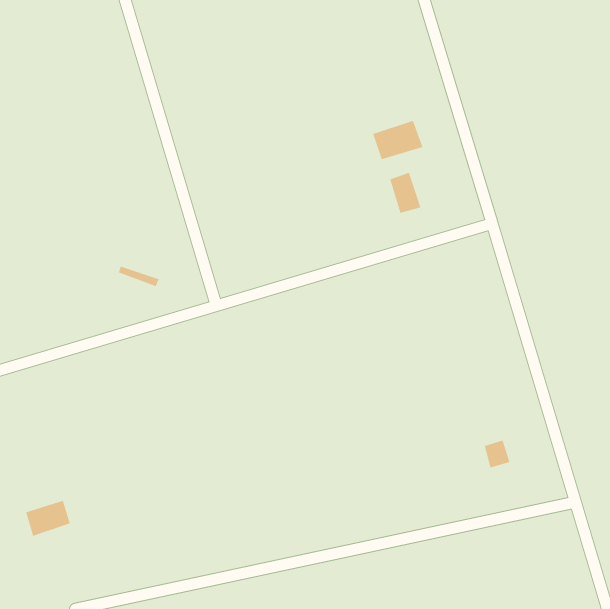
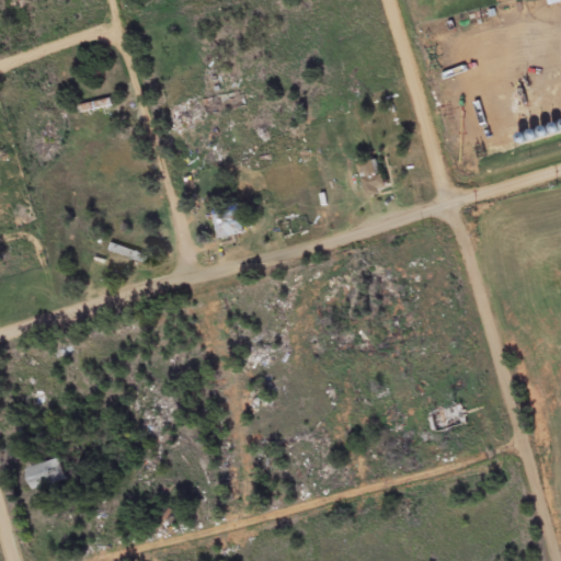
building: [372,120,423,160] -> none
building: none -> [211,205,241,236]

